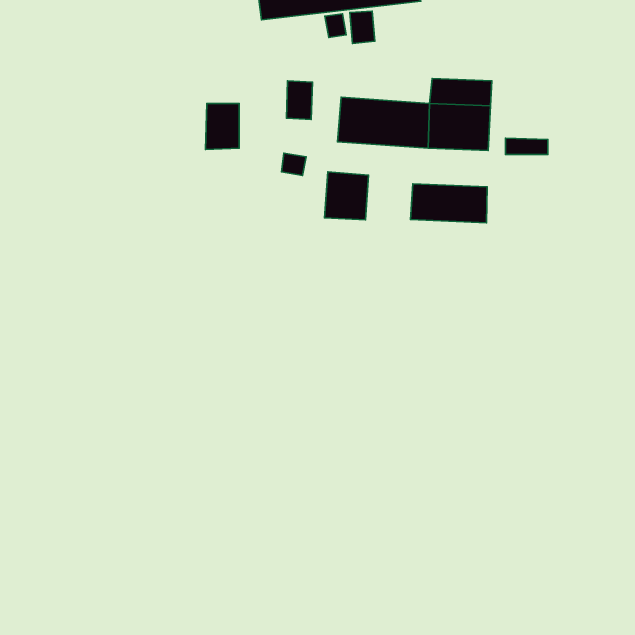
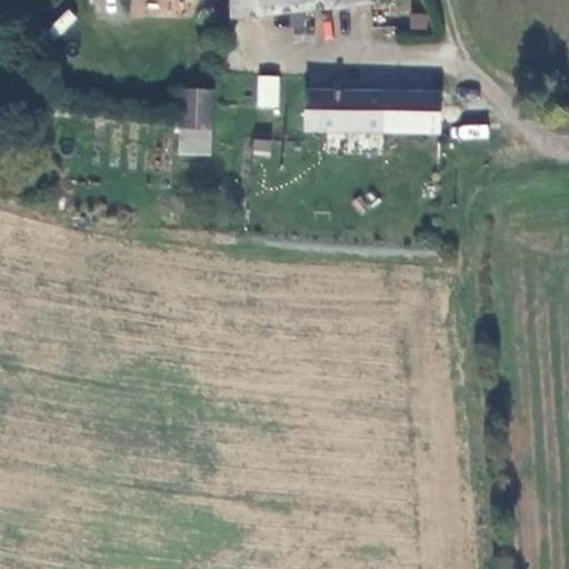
building: [325,172,368,220] -> none
building: [411,184,487,223] -> none

